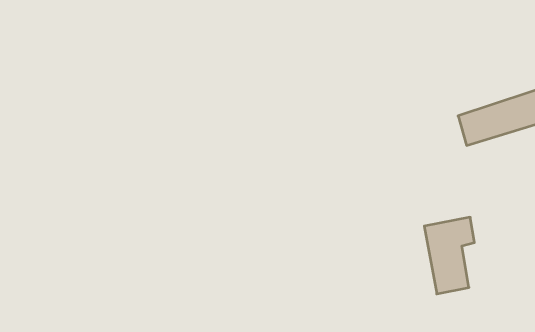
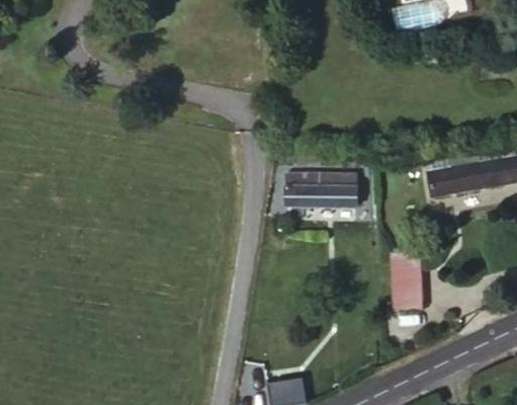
building: none -> [290,180,353,213]

